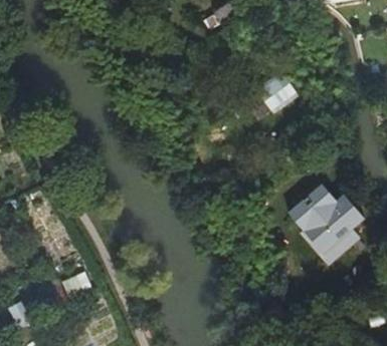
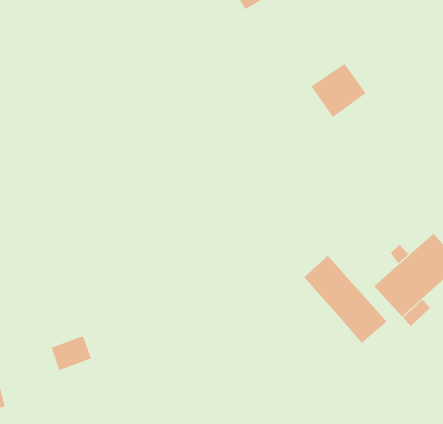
building: none -> [304,255,388,344]

